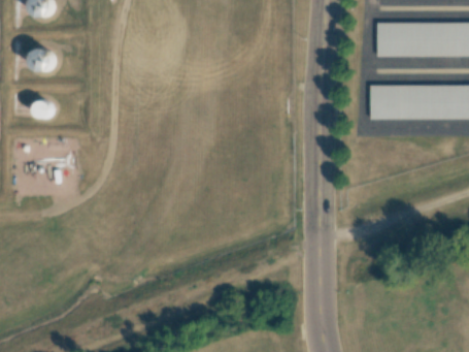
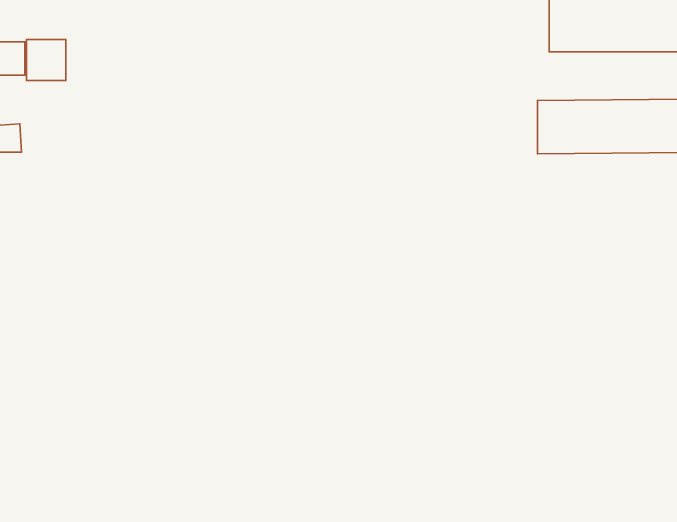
building: none -> [26,40,66,81]

